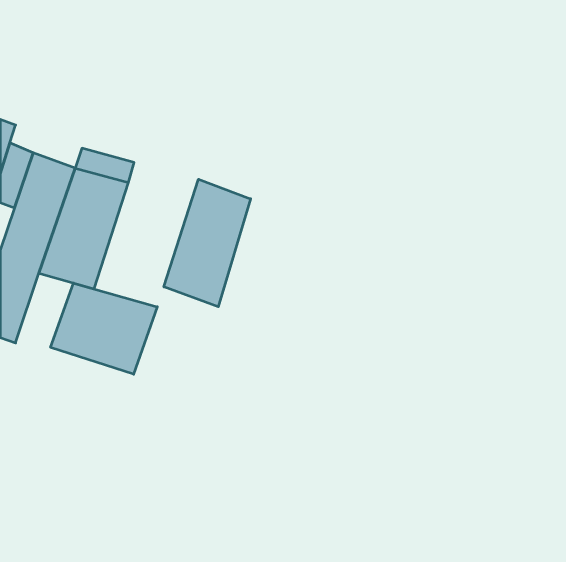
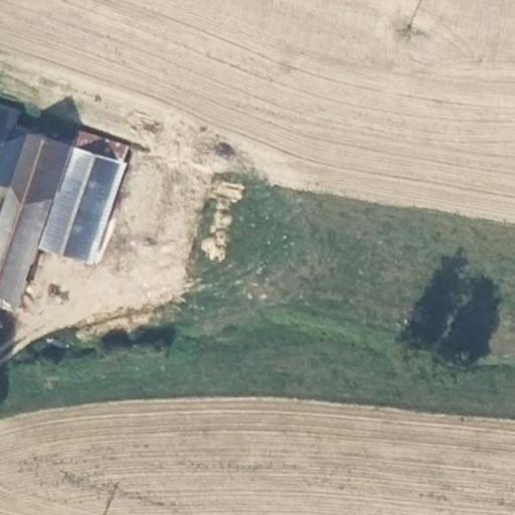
building: [164,179,251,307] -> none
building: [51,283,157,374] -> none

